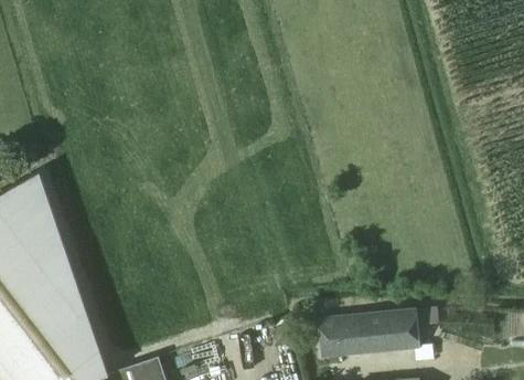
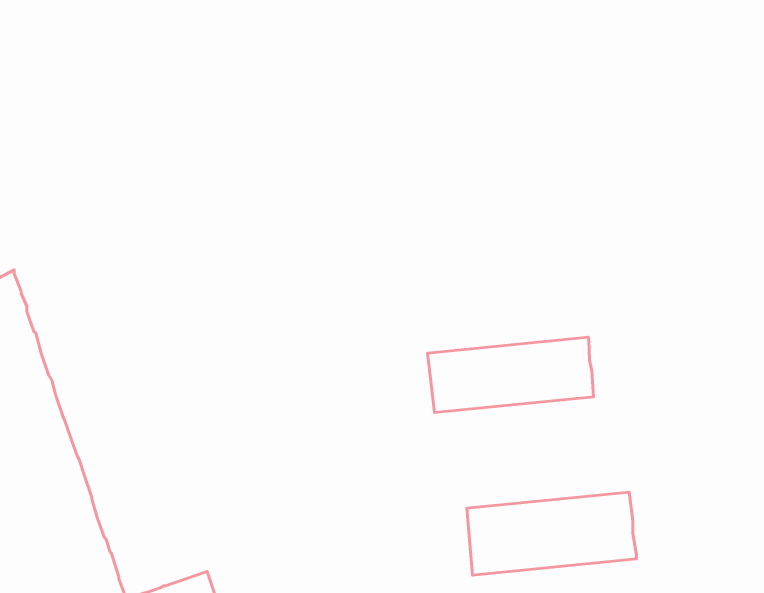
building: none -> [427,337,594,413]

